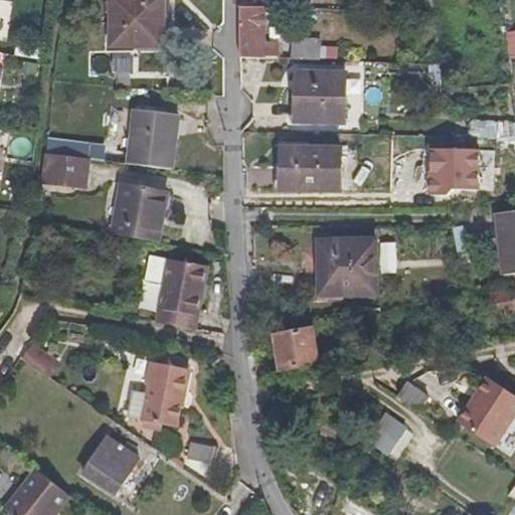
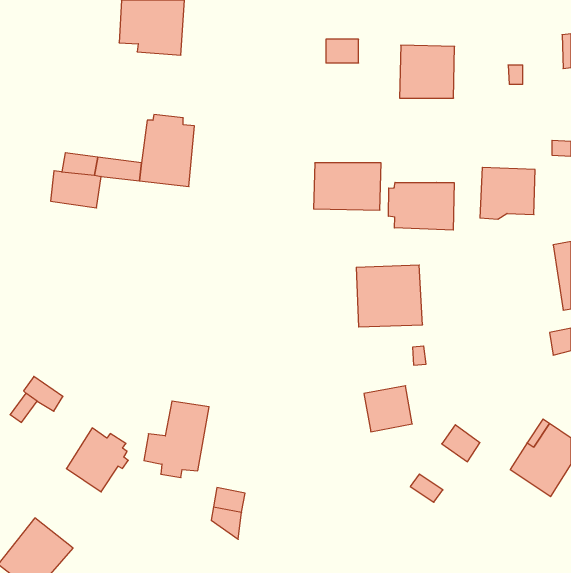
building: [239,13,264,57] -> none
building: [295,72,344,120] -> [400,45,455,98]
building: none -> [388,182,454,230]
building: [115,184,170,241] -> none
building: [145,255,207,329] -> none
building: [275,327,318,368] -> [364,386,412,432]
building: [84,434,140,491] -> [66,428,128,492]

